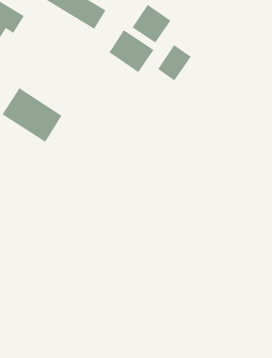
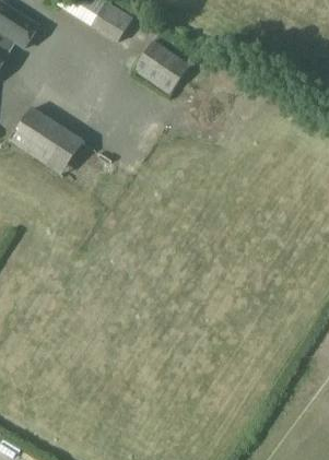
building: [131,4,172,44] -> none
building: [157,44,192,82] -> none

